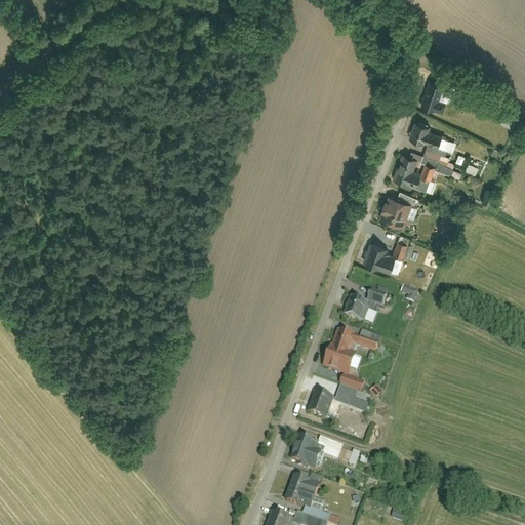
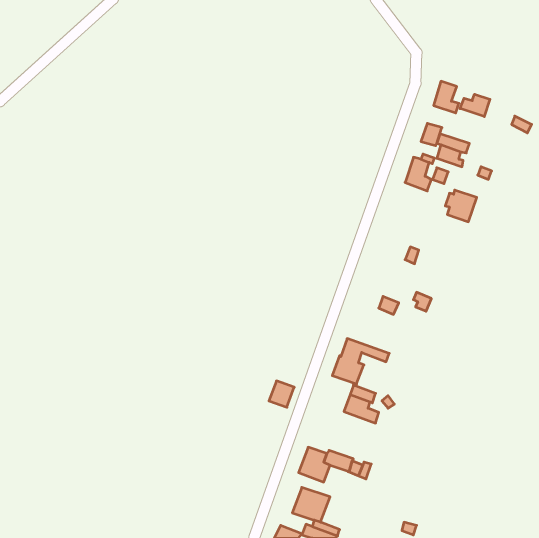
building: none -> [460,94,490,117]
building: [380,195,411,226] -> [445,190,477,222]
building: [365,240,396,271] -> none
building: [345,295,369,321] -> none
building: [309,392,333,417] -> [269,381,294,407]

